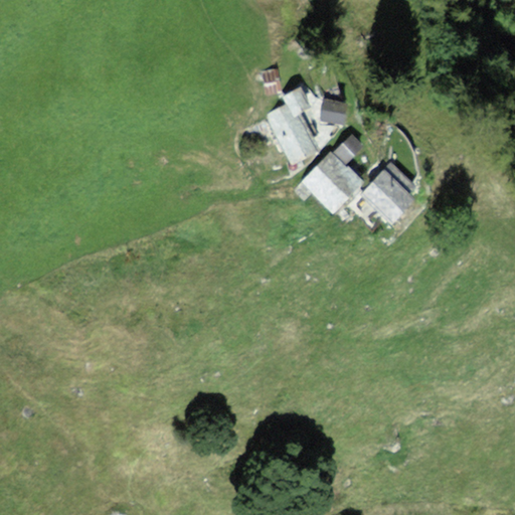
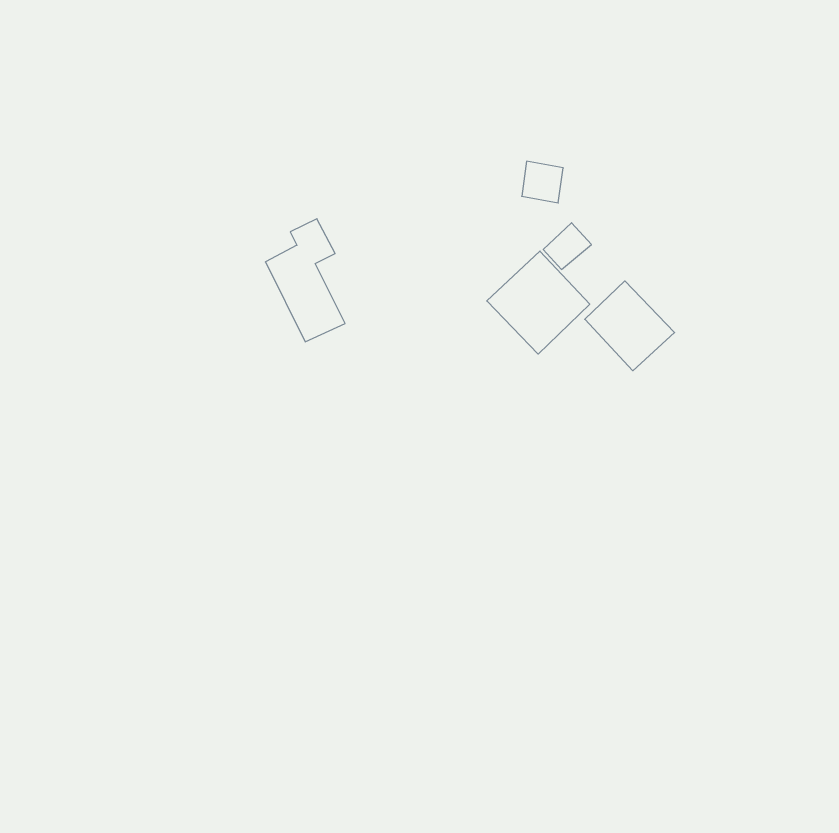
building: [267,88,315,162] -> [265,219,345,342]

